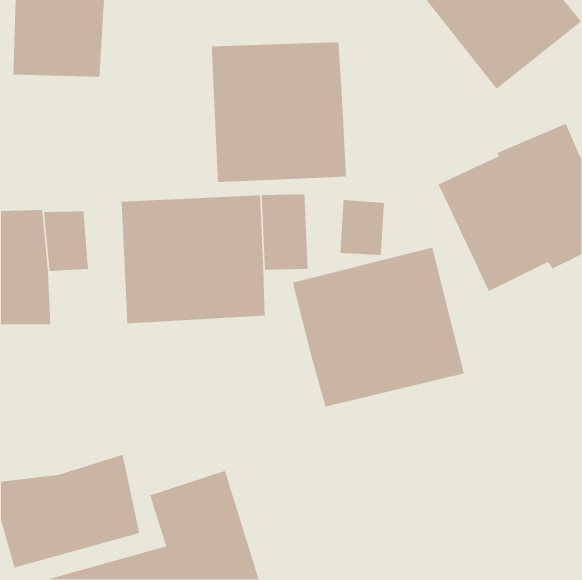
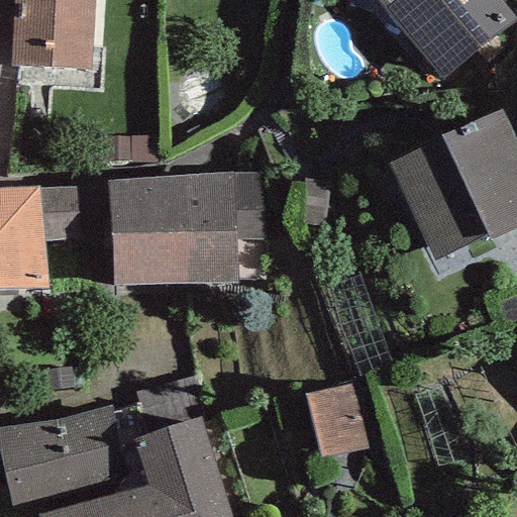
building: [211,42,347,183] -> none
building: [292,247,465,407] -> none
building: none -> [305,382,369,456]

